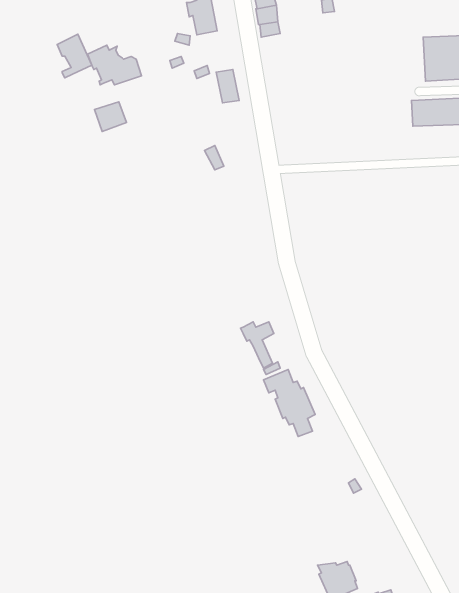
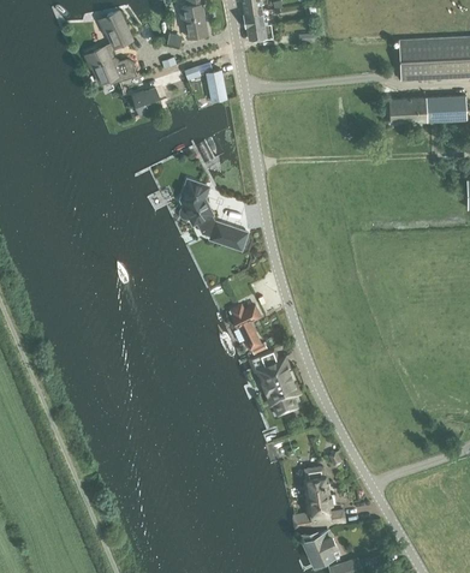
building: [57,34,92,78] -> [99,11,131,52]
building: [94,102,127,131] -> [132,88,162,115]
building: none -> [180,179,248,250]
building: none -> [292,468,349,532]

